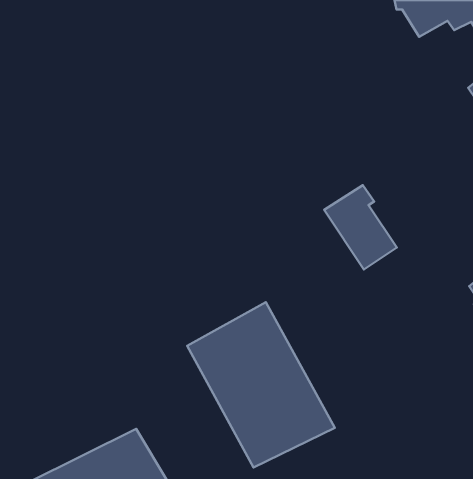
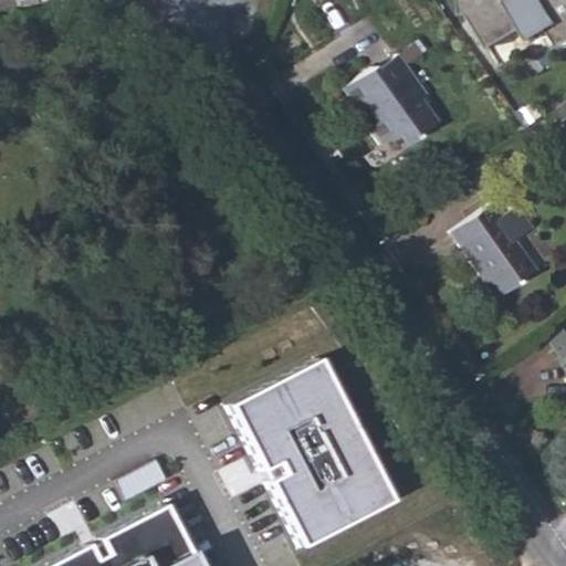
building: none -> [338,49,439,144]
building: [324,185,397,269] -> [450,198,535,296]

